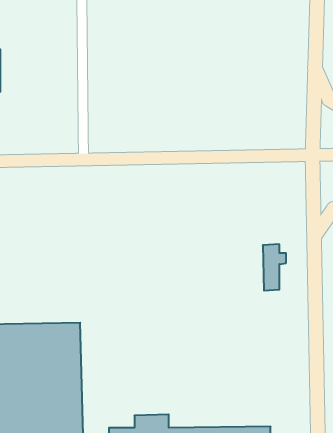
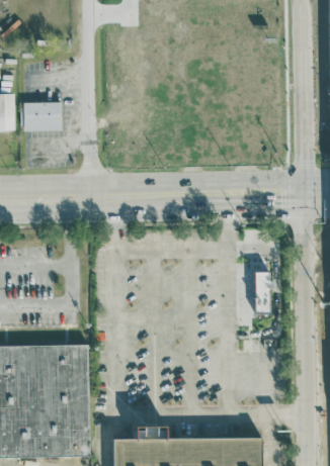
building: none -> [23,101,61,130]

